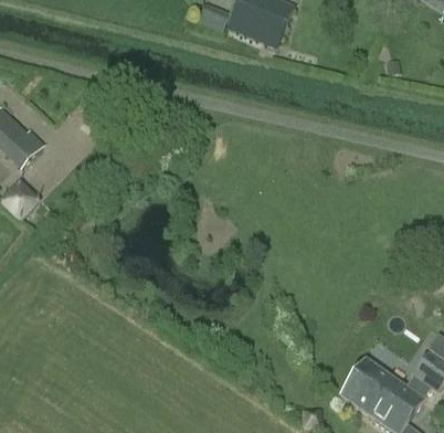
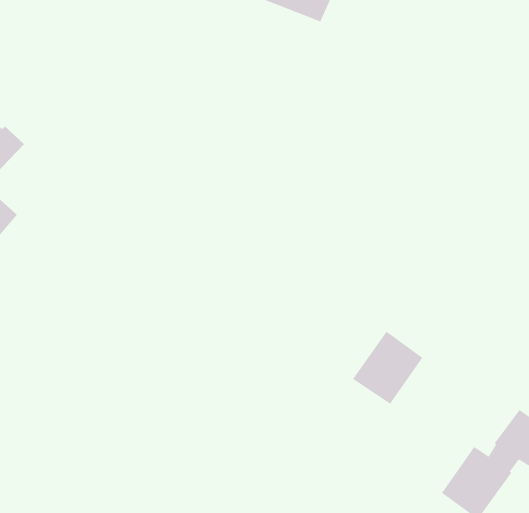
building: [338,357,393,414] -> [352,331,423,404]

